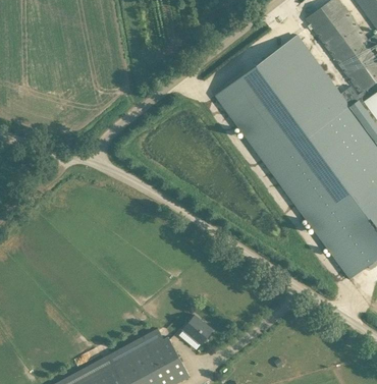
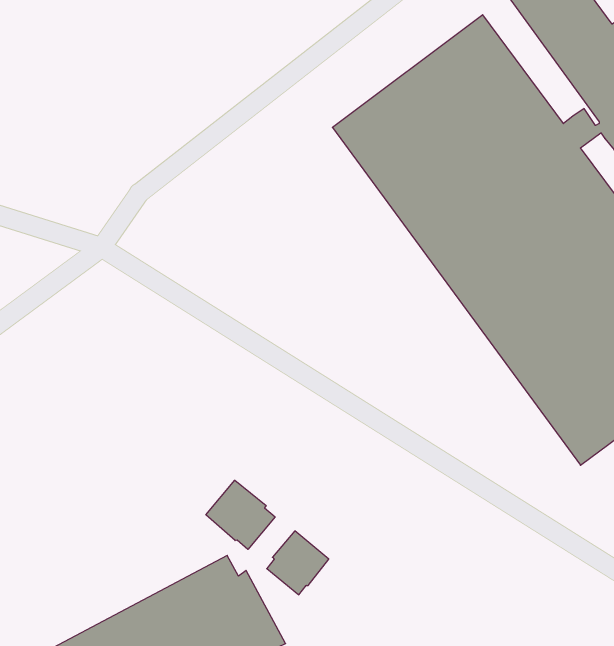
building: none -> [206,480,275,549]

